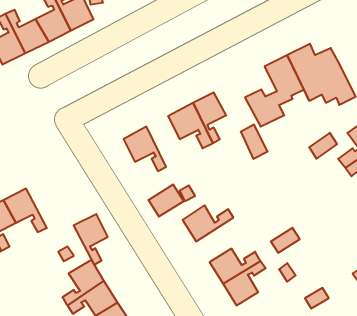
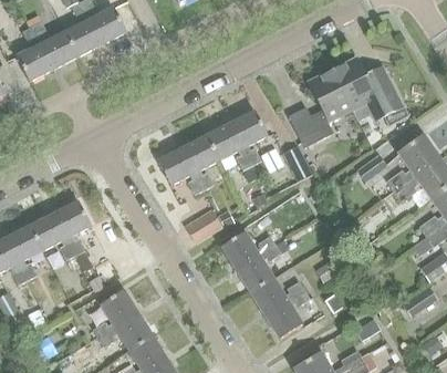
building: none -> [183,135,218,189]
building: [74,214,108,265] -> [54,200,91,255]
building: none -> [236,244,281,291]

